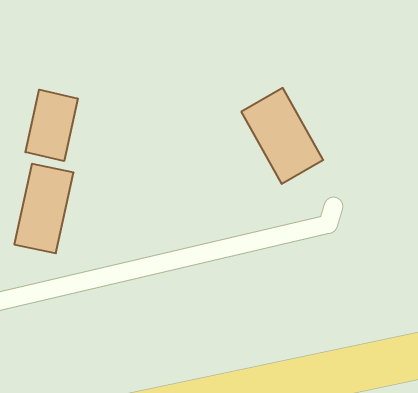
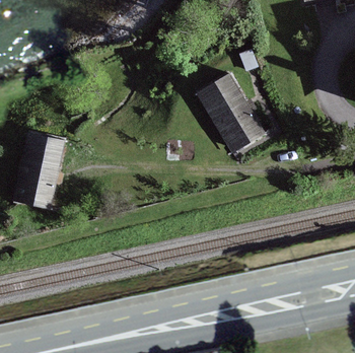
building: [25,90,78,161] -> none

